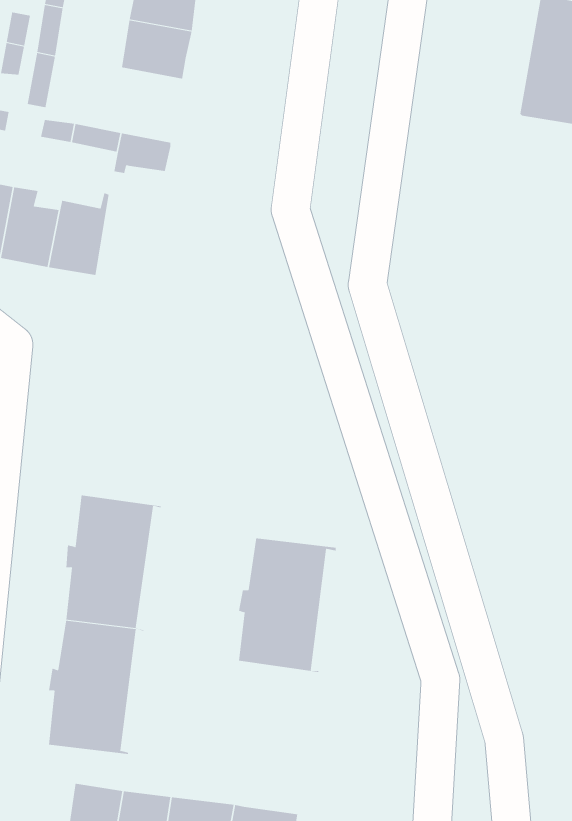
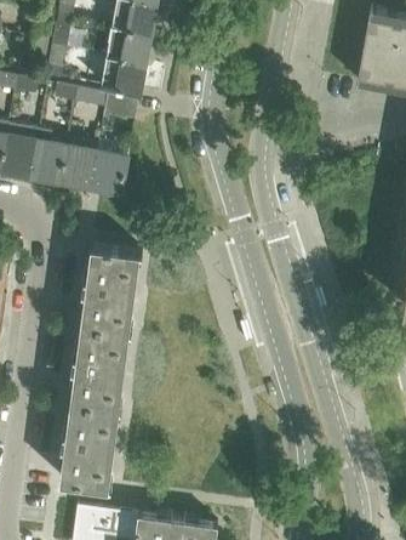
building: none -> [101,55,145,95]
building: none -> [91,141,130,192]
building: [238,538,336,672] -> [81,246,143,331]

